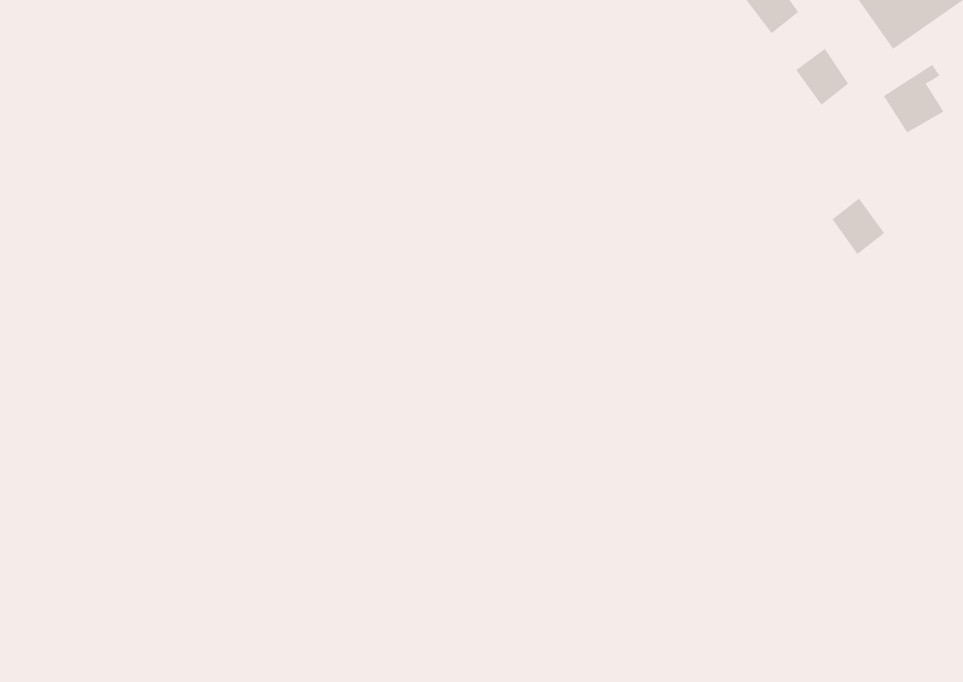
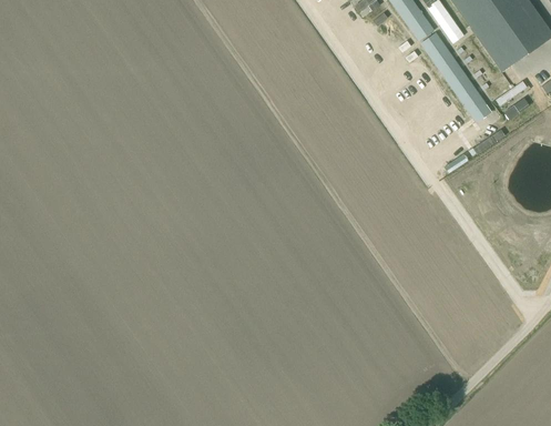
building: none -> [435,51,465,83]
building: [831,197,885,255] -> [462,91,492,123]

